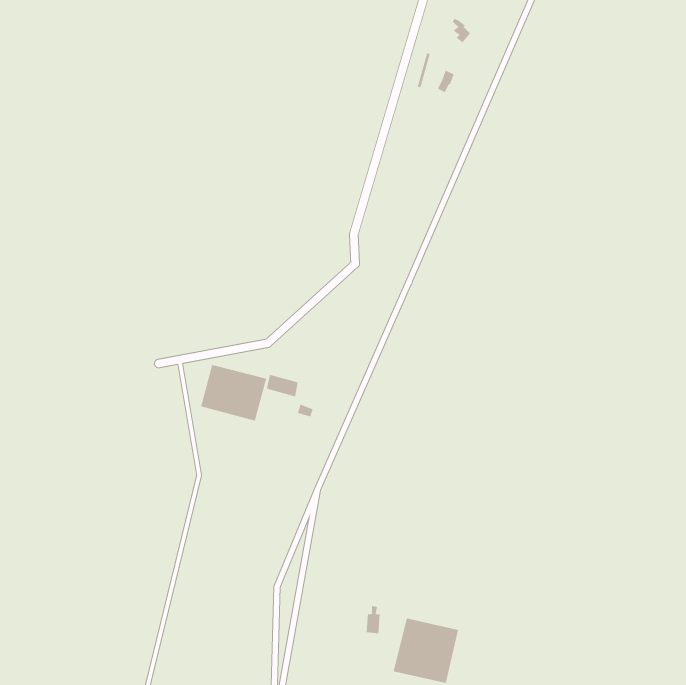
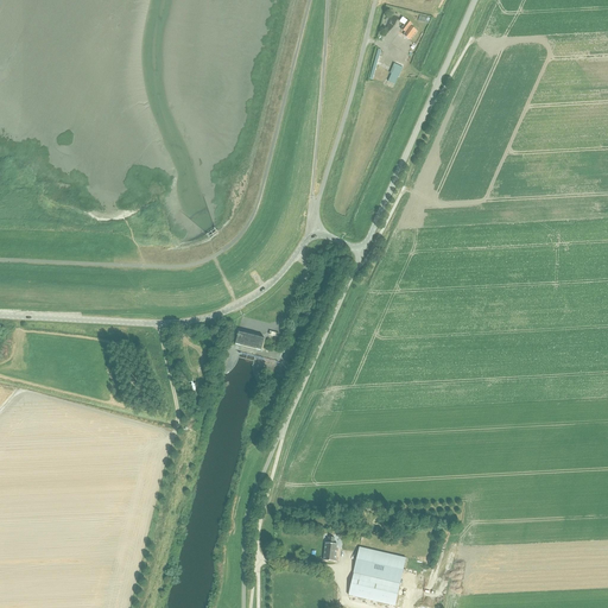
building: [201,364,267,422] -> none

